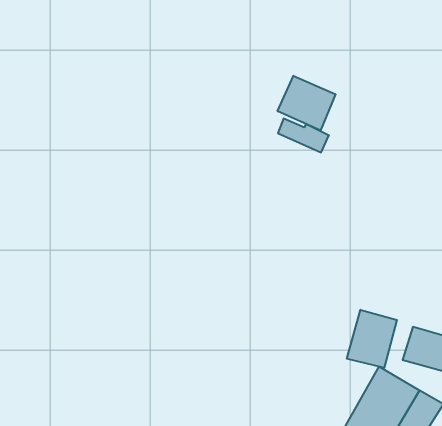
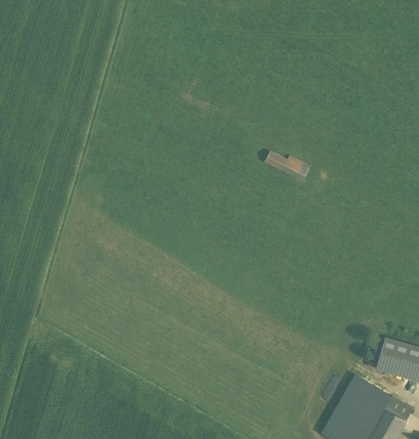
building: [278,76,336,130] -> none
building: [347,310,397,368] -> none

